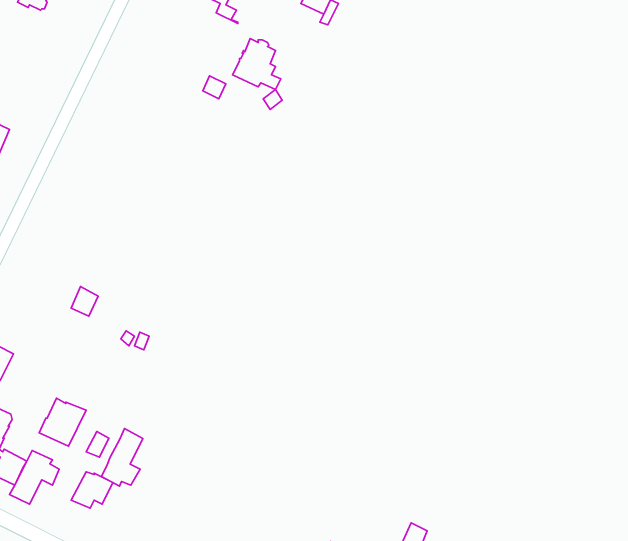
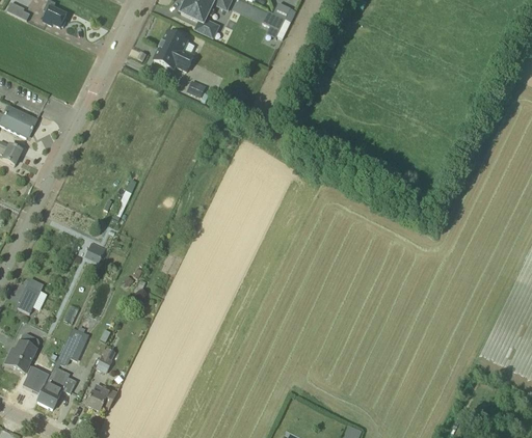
building: [233,38,281,89] -> [154,30,191,70]
building: [101,429,143,486] -> none

